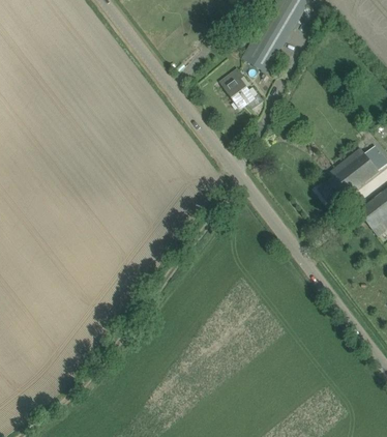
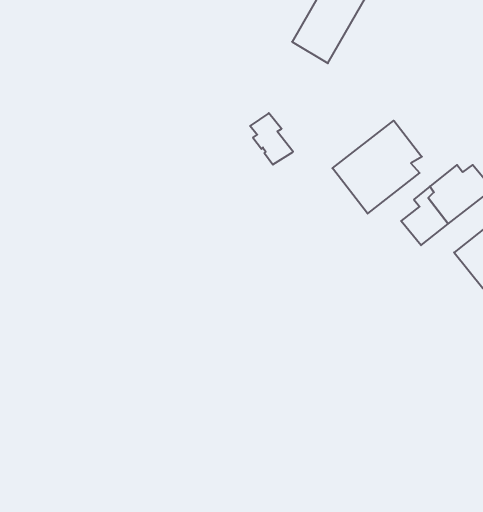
building: [224,68,255,106] -> [250,113,293,165]
building: none -> [332,121,422,214]

